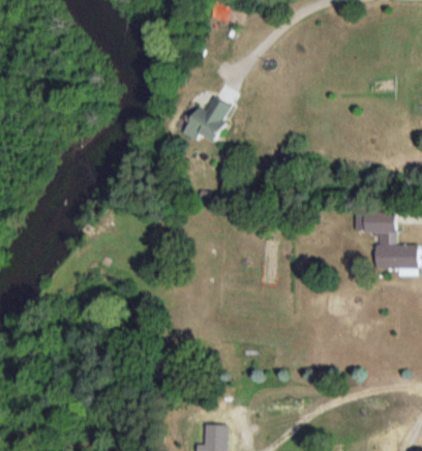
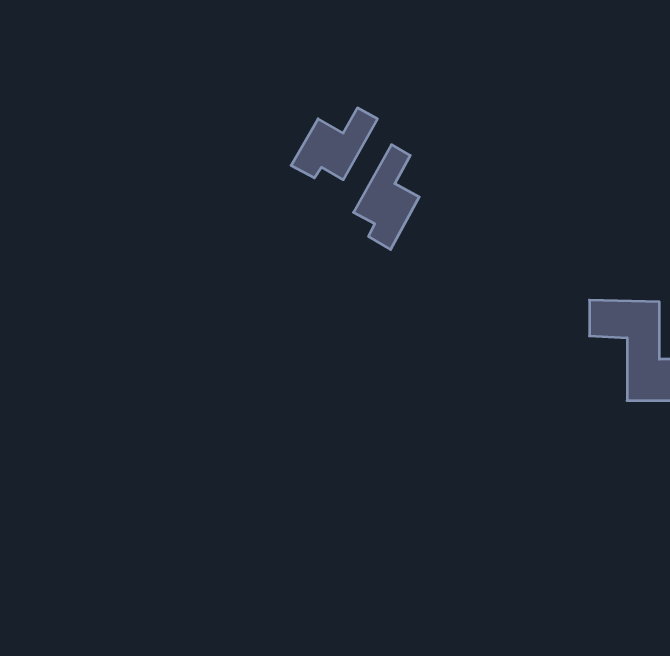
building: none -> [353,145,419,250]

